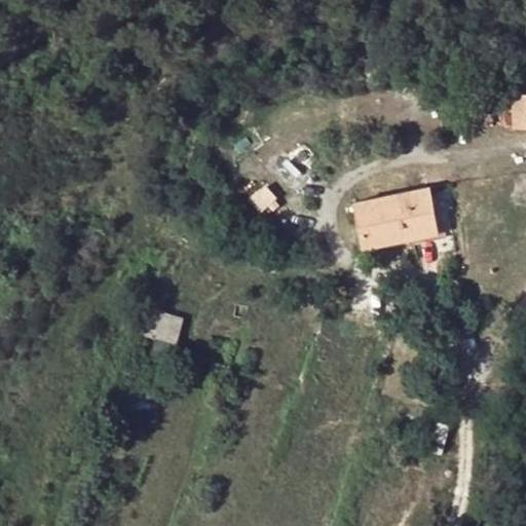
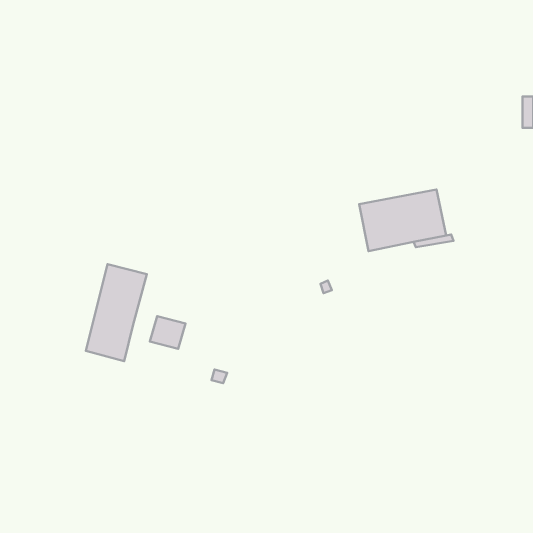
building: none -> [86,264,147,361]

